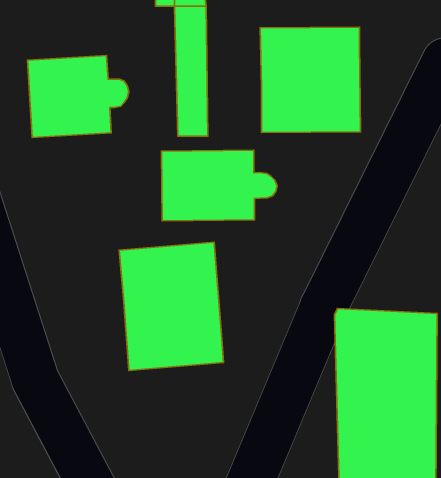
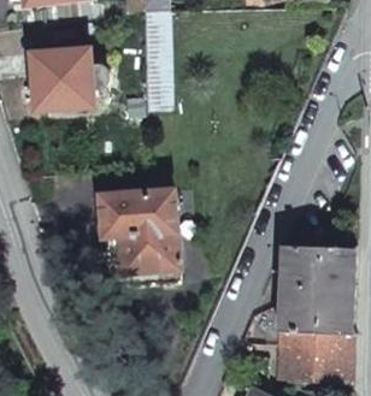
building: [260,27,361,133] -> none
building: [161,150,277,221] -> none

